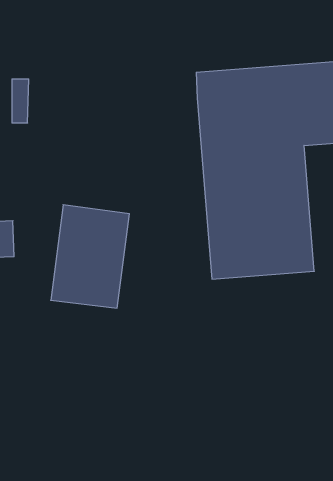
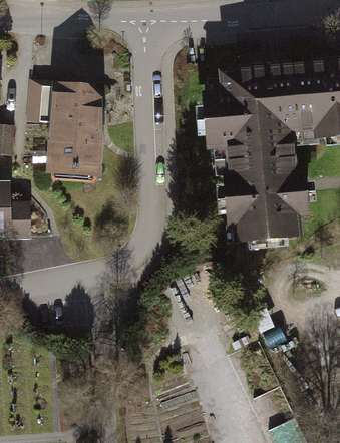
building: [51,205,129,308] -> [41,84,111,176]

